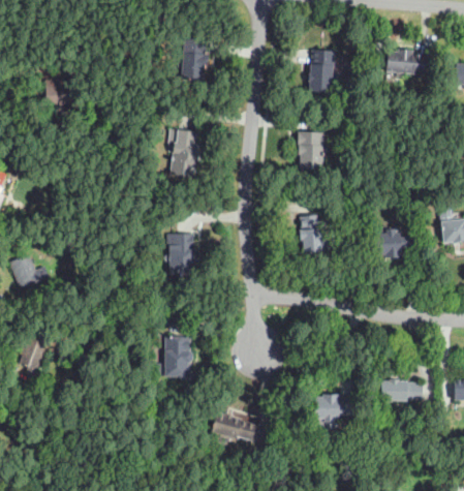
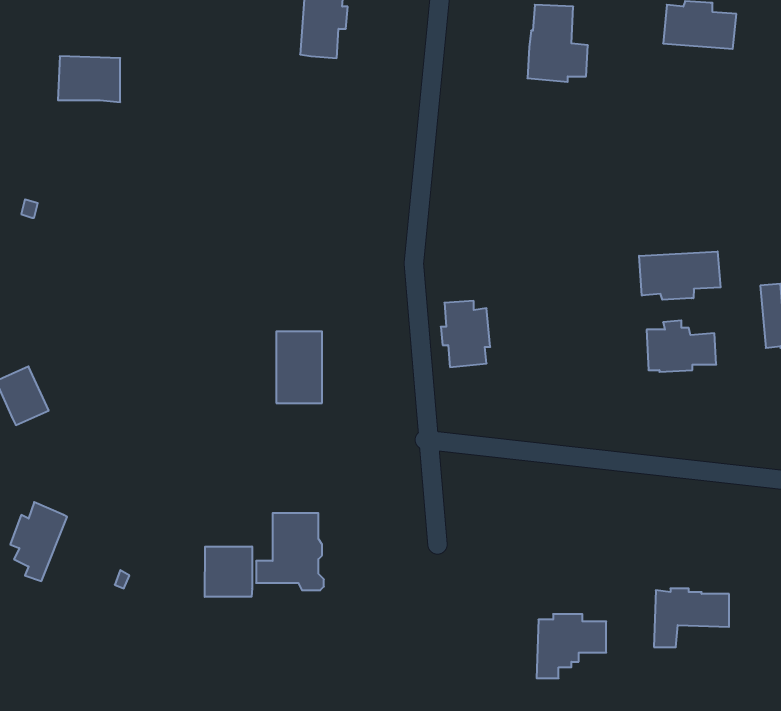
building: [167,128,197,178] -> none
building: [297,131,324,173] -> none
building: none -> [639,251,721,300]
building: [299,216,327,253] -> [441,301,490,367]
building: none -> [205,546,252,597]
building: [211,412,256,443] -> none

